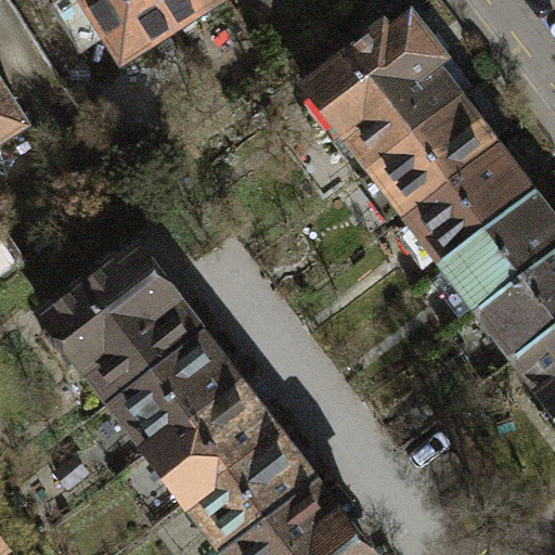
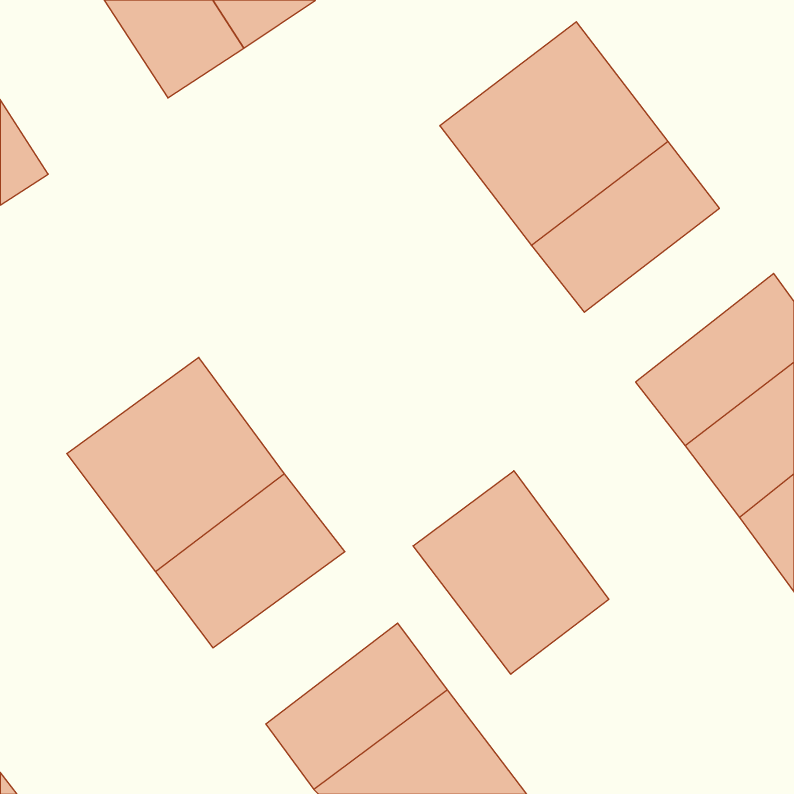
building: [408,145,540,267] -> none
building: none -> [413,471,609,674]
building: [149,385,278,505] -> none

